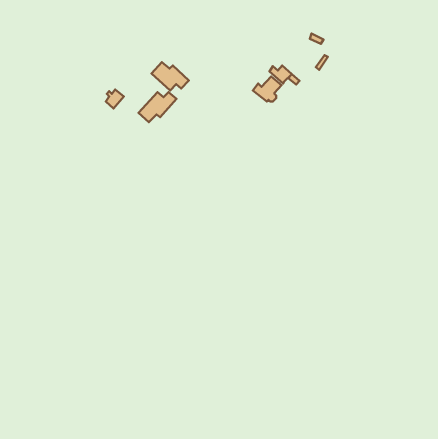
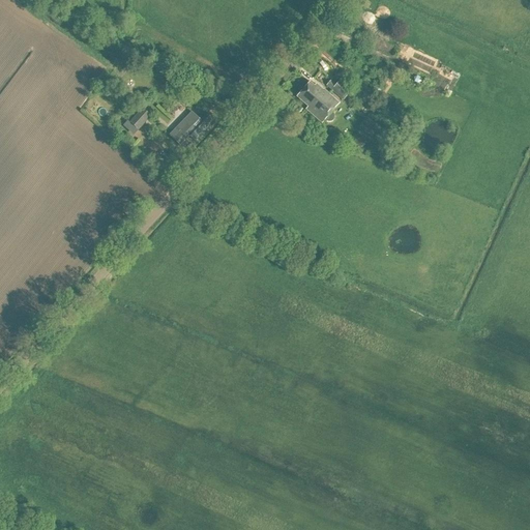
building: [152,62,189,90] -> none
building: none -> [296,83,326,106]

